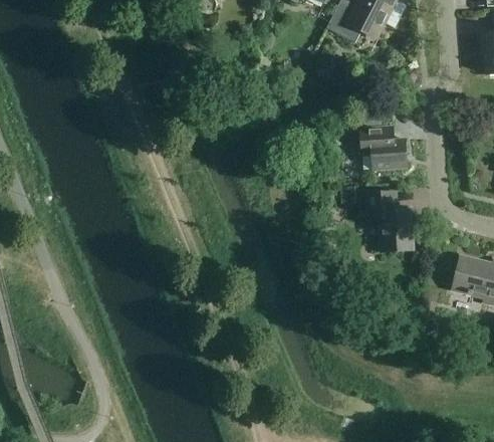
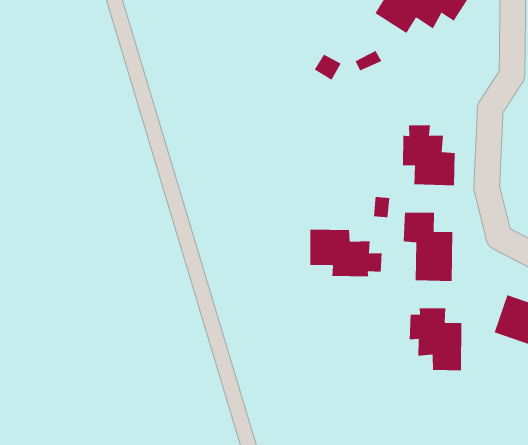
building: none -> [310,229,382,277]
building: none -> [409,307,462,371]

